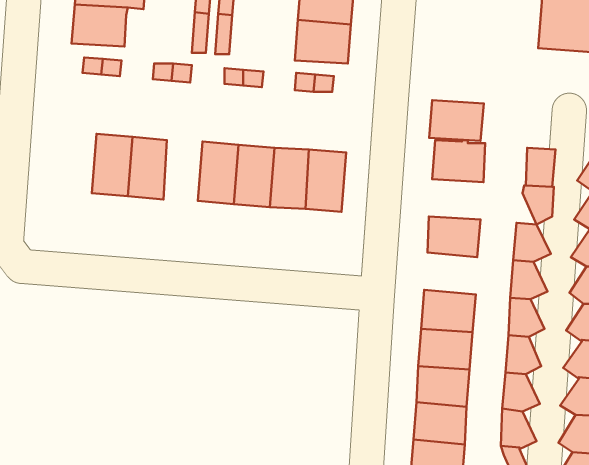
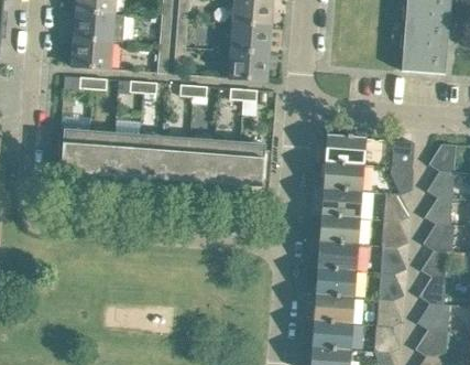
building: [429,100,484,141] -> [324,162,362,191]
building: none -> [61,128,89,172]
building: none -> [136,135,164,178]
building: none -> [320,214,358,244]

